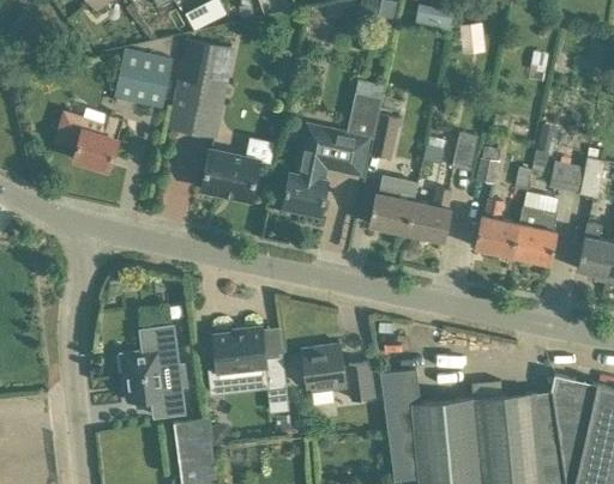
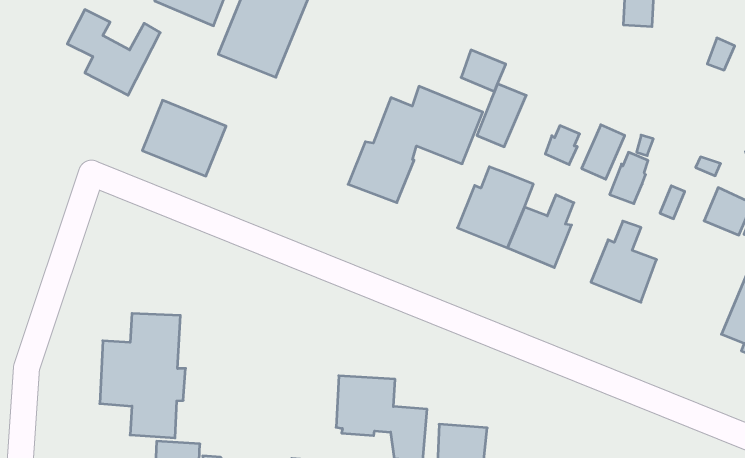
building: [200,150,259,200] -> [142,100,226,176]
building: [513,205,558,264] -> none
building: [207,326,285,395] -> none

